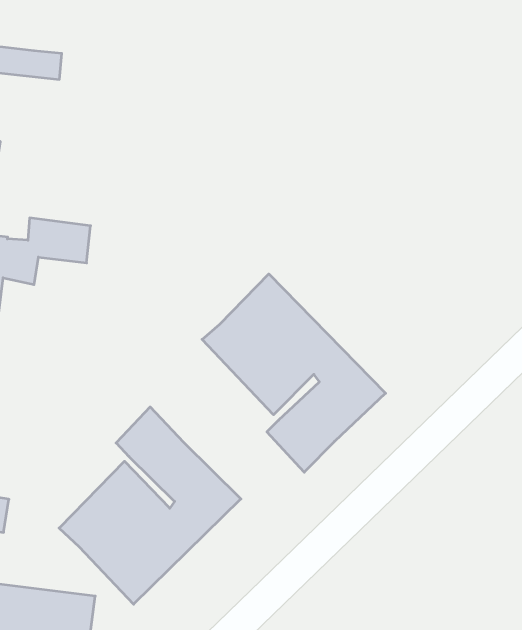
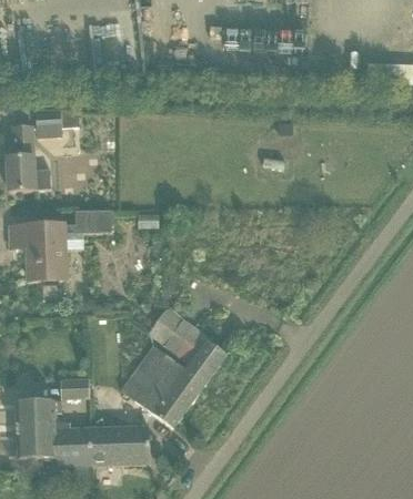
building: [202,274,386,472] -> none

